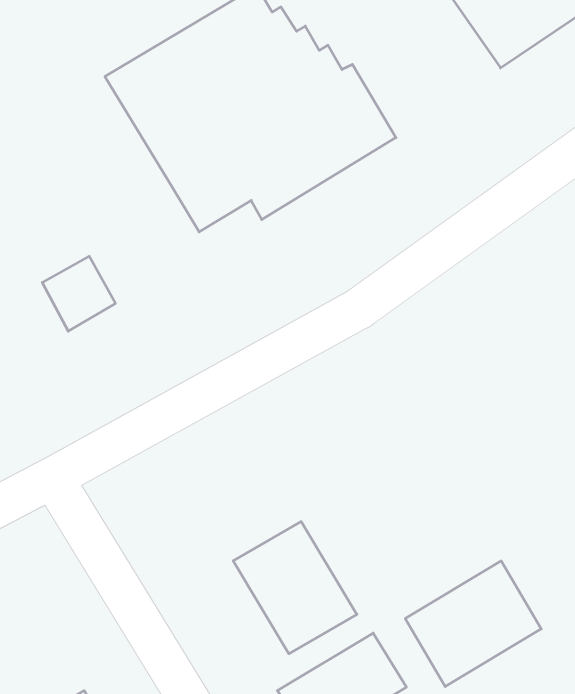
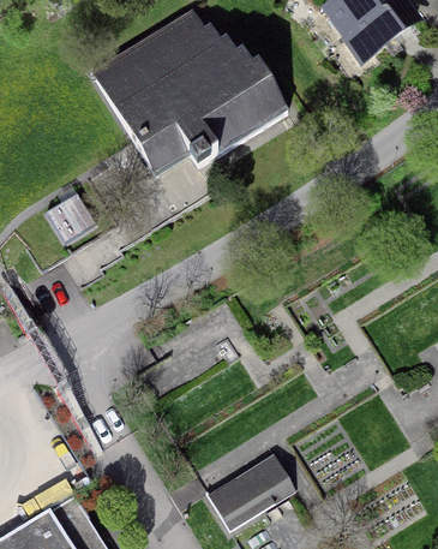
building: [233,522,357,654] -> none
building: [405,561,541,687] -> none

